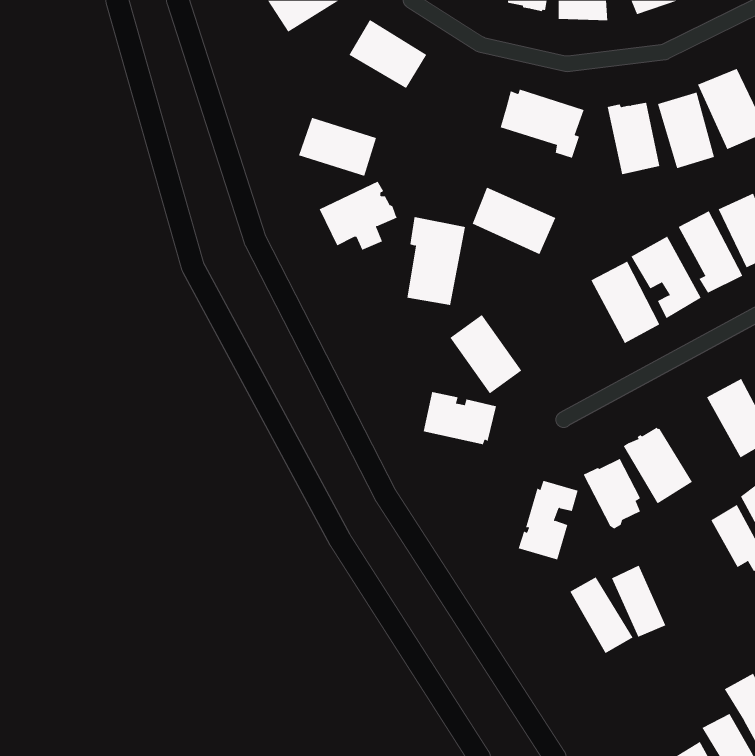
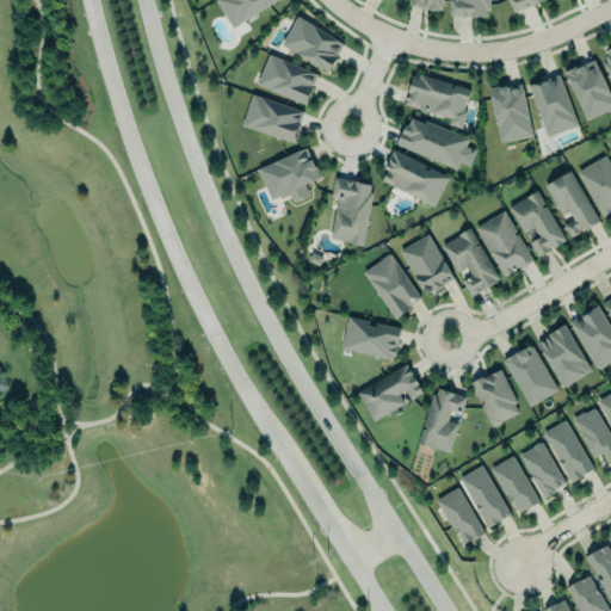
building: none -> [259,56,320,104]
building: none -> [397,118,470,169]
building: none -> [443,229,502,297]
building: none -> [401,234,455,292]
building: none -> [538,327,593,388]
building: none -> [358,365,425,422]
building: none -> [544,420,595,481]
building: none -> [520,442,567,498]
building: none -> [438,488,486,547]

